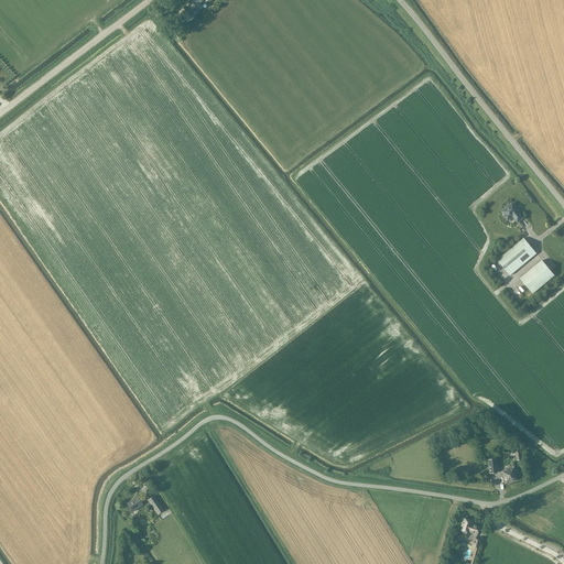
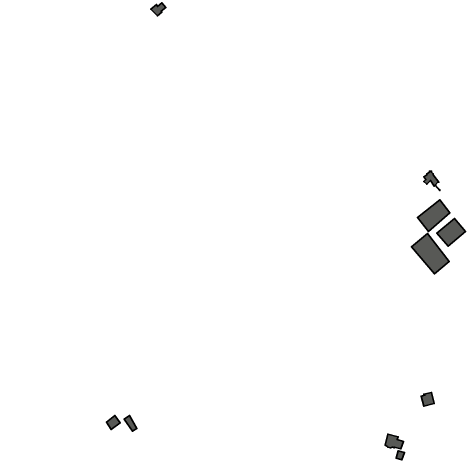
building: none -> [412,233,449,274]

